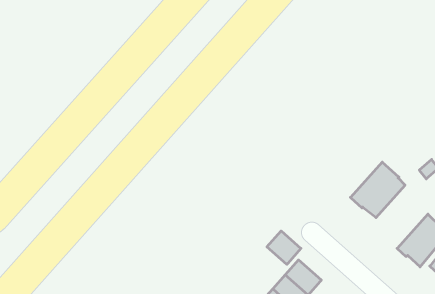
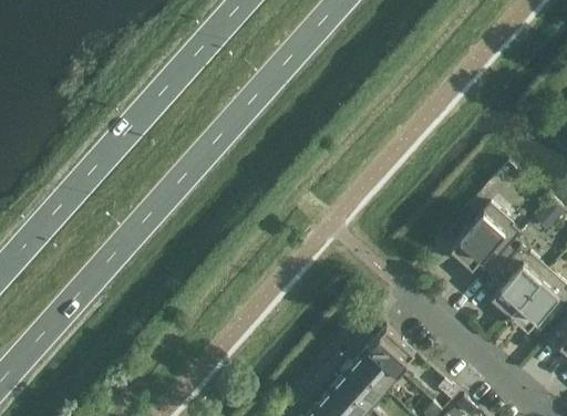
building: none -> [484,248,549,314]
building: [267,231,301,264] -> none

